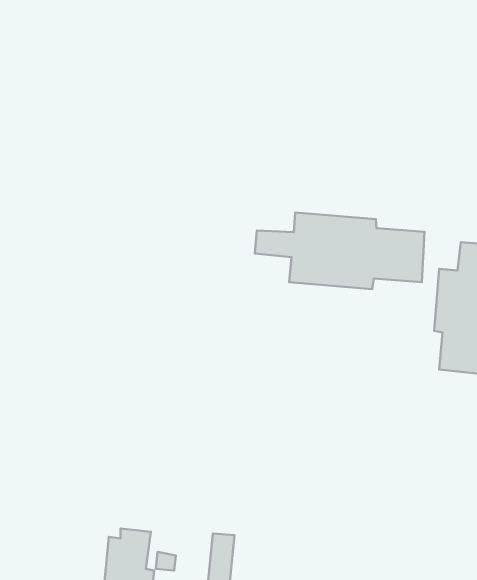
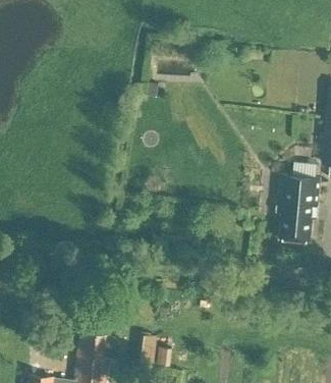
building: [255,213,424,289] -> none

